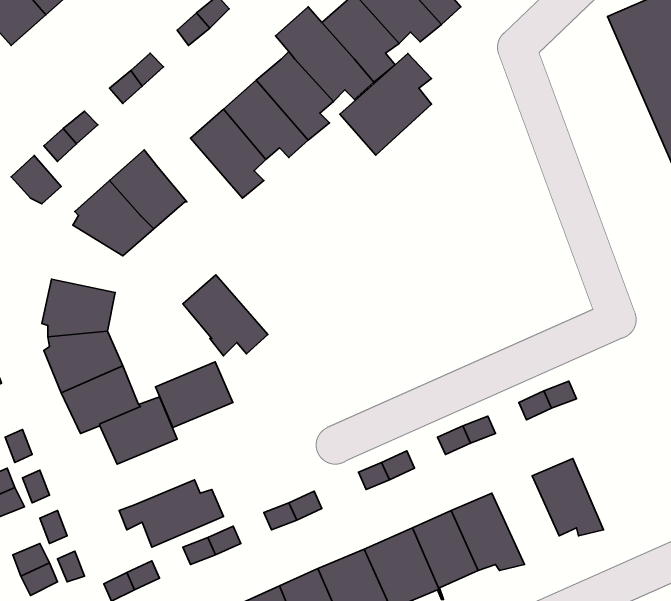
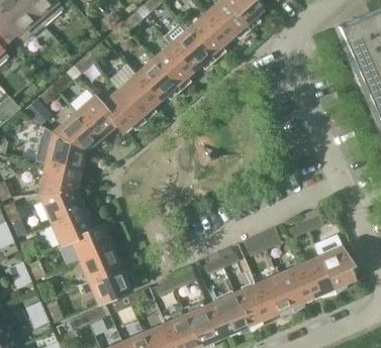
building: [340,53,432,155] -> none
building: none -> [46,134,84,169]
building: [183,275,268,356] -> [102,89,147,131]
building: [155,362,233,427] -> [81,246,121,280]
building: none -> [319,246,355,294]
building: none -> [277,265,312,312]

